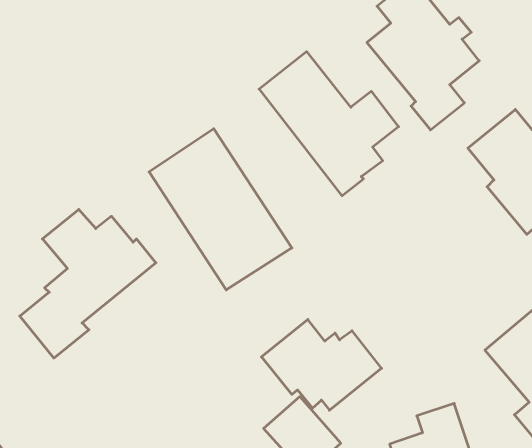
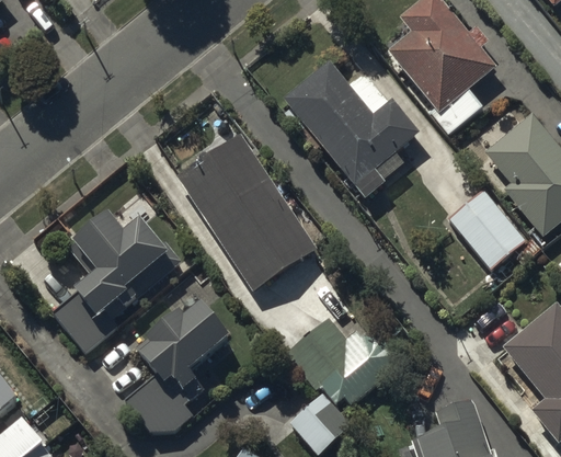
building: none -> [447,188,541,269]
building: none -> [125,286,233,431]

